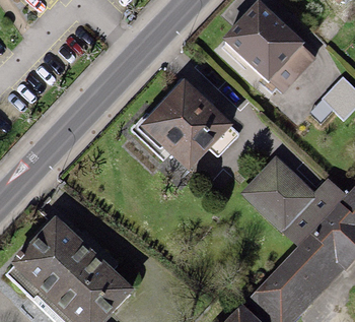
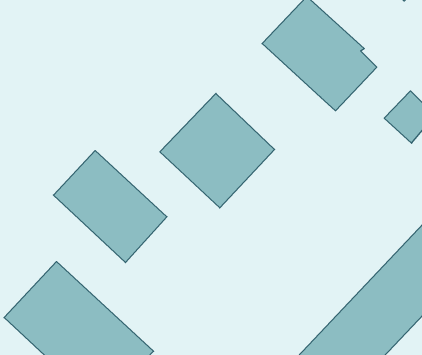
building: none -> [53,151,167,263]
building: [240,155,346,246] -> none

